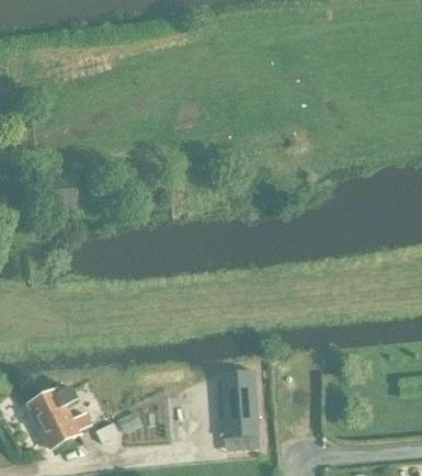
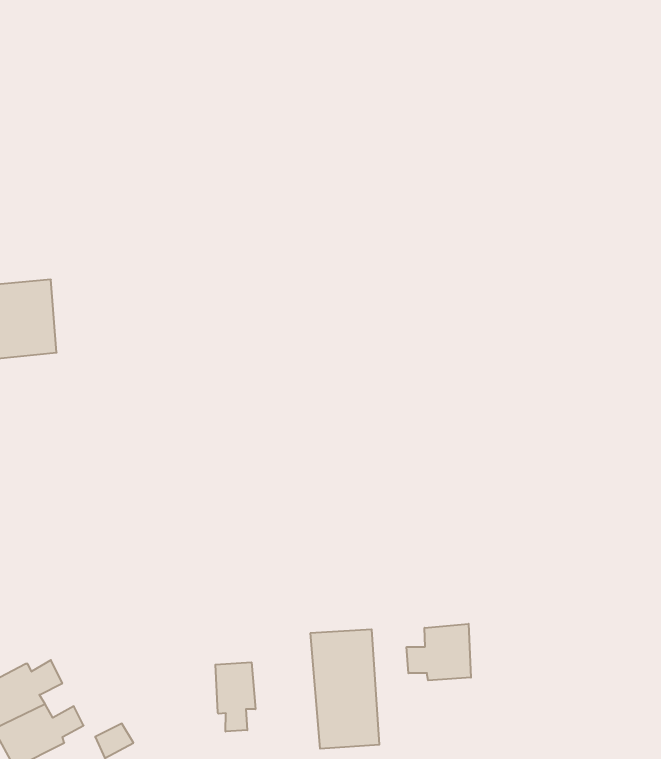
building: none -> [407,624,471,680]
building: none -> [215,662,255,732]

